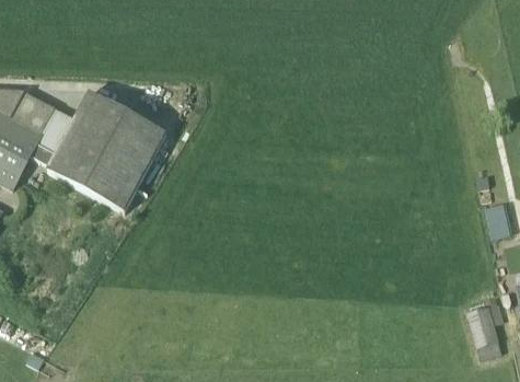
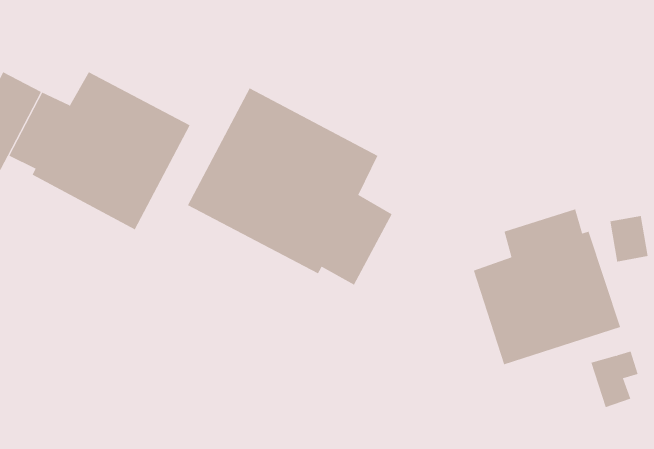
building: none -> [187,88,392,286]
building: none -> [473,208,621,365]

